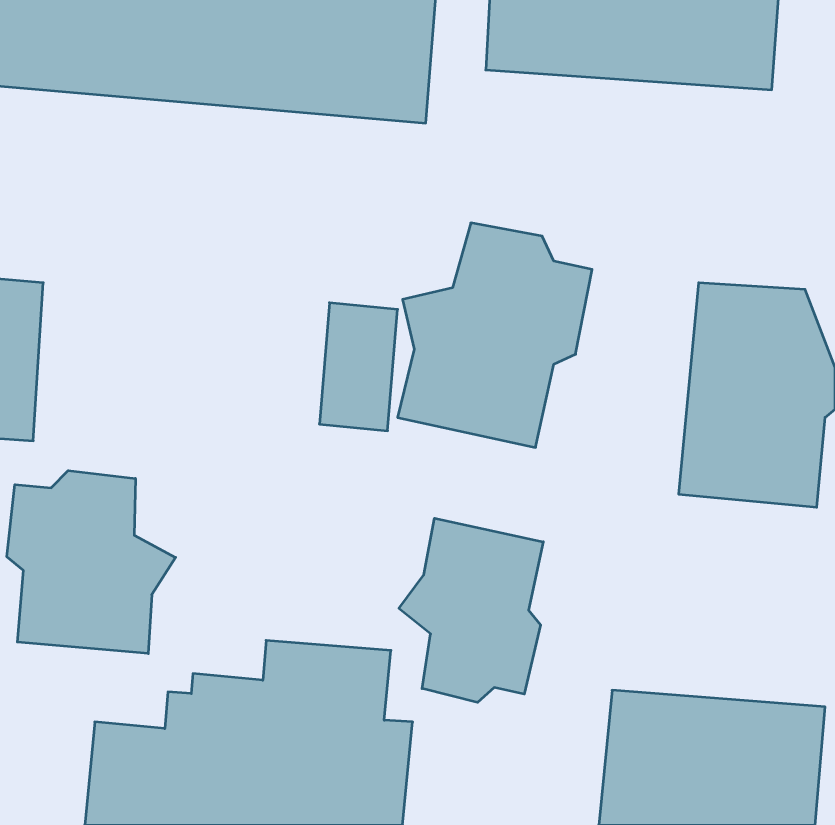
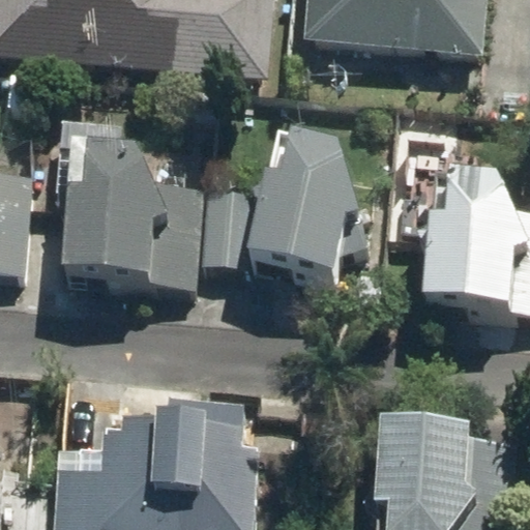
building: none -> [61,147,200,290]
building: [7,471,176,654] -> none
building: [399,518,543,702] -> none

